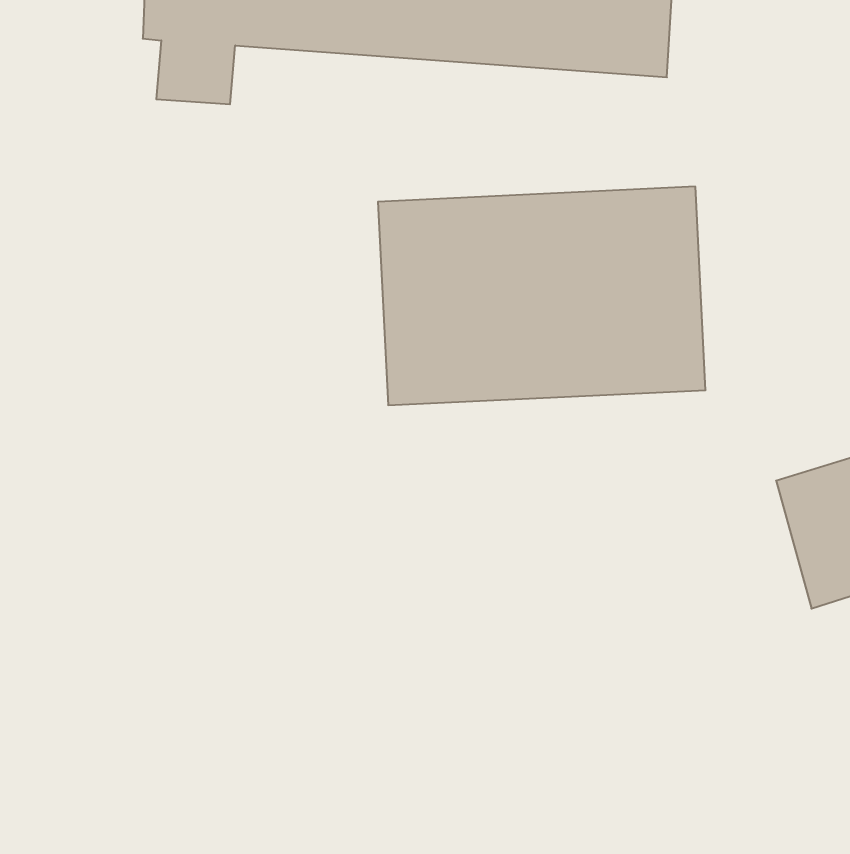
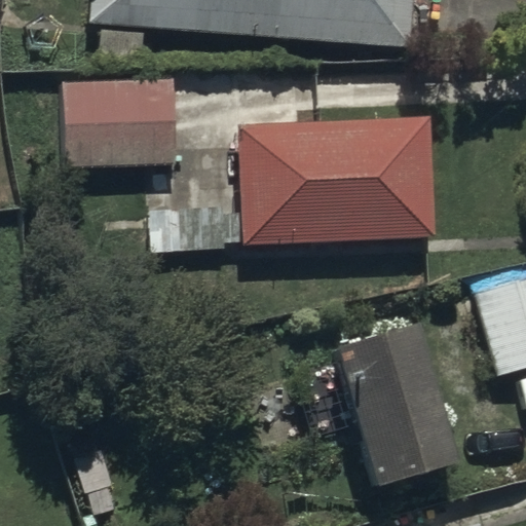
building: none -> [61,76,178,164]
building: none -> [295,326,457,486]

